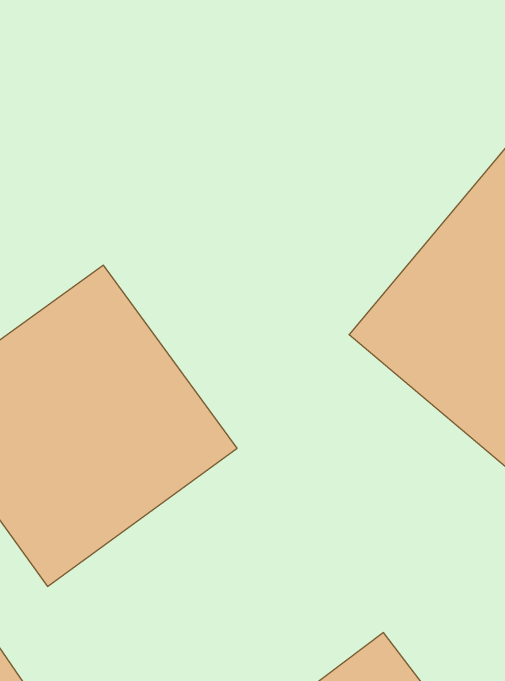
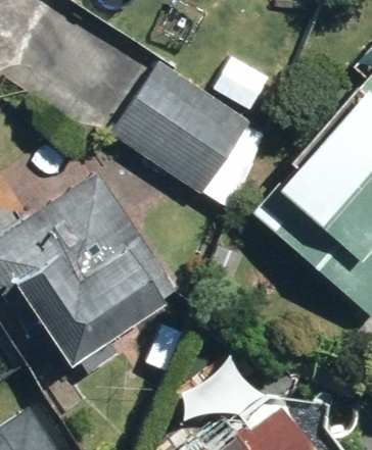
building: none -> [110,59,249,193]

